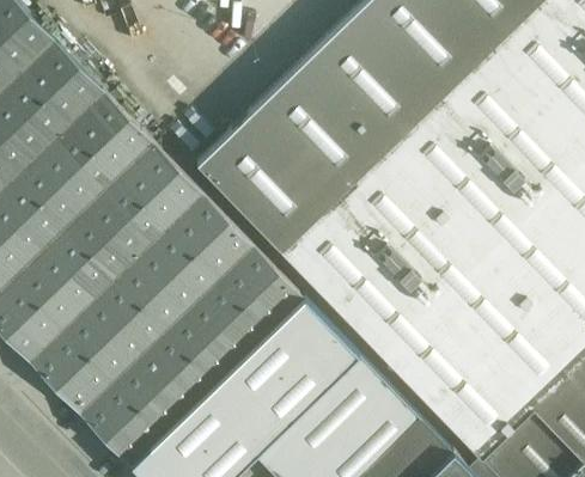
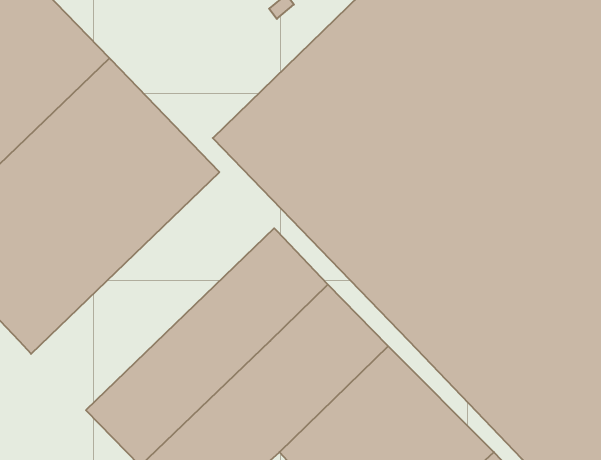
building: [30,197,252,415] -> none

